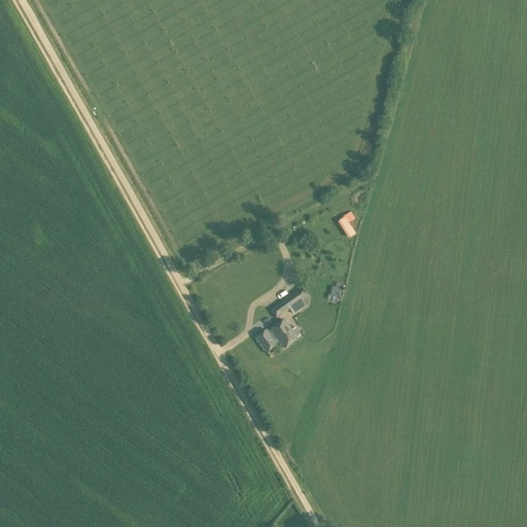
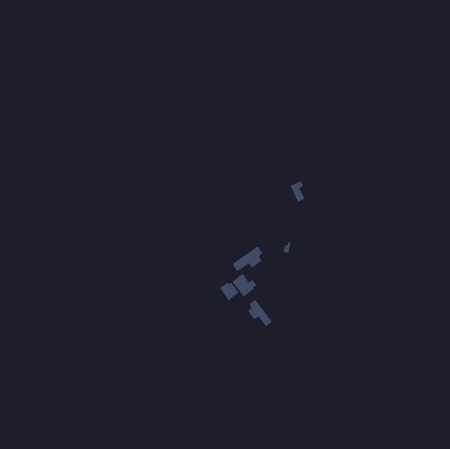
building: none -> [247,299,273,327]

